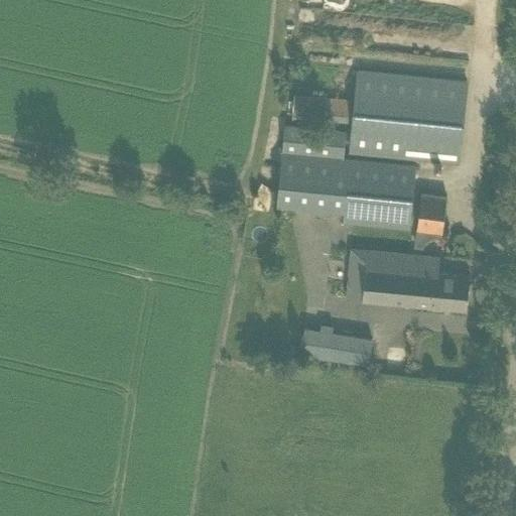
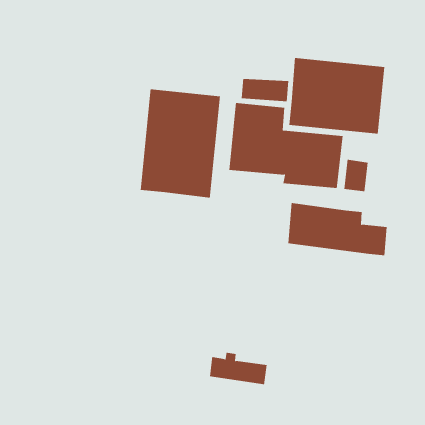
building: none -> [140,89,220,199]
building: [300,325,371,364] -> [209,352,267,385]

